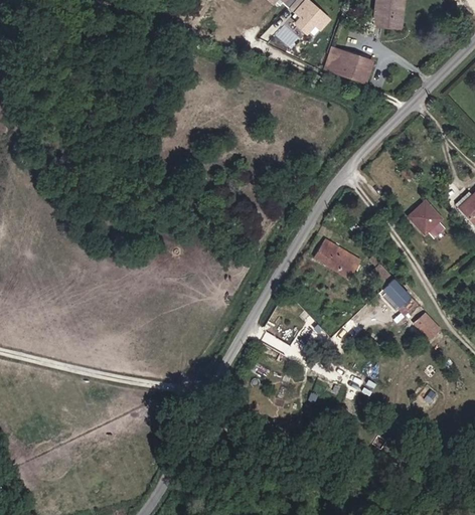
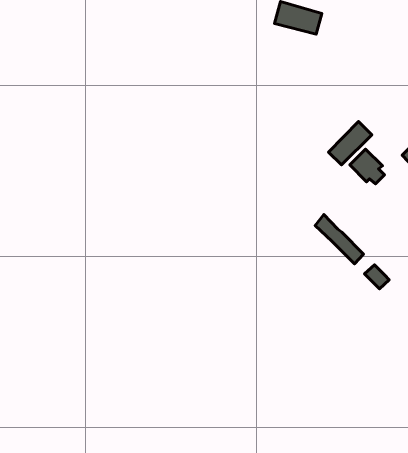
building: none -> [328,121,372,165]
building: [315,239,362,277] -> none

